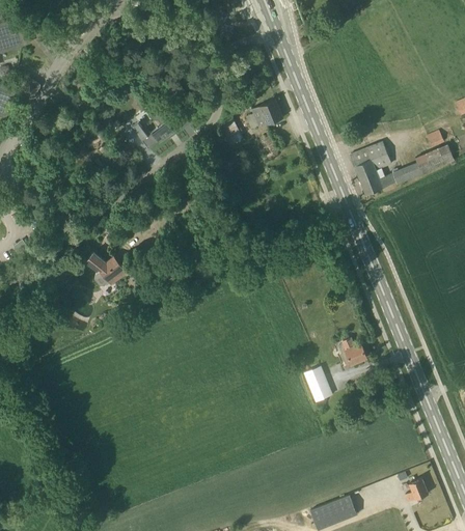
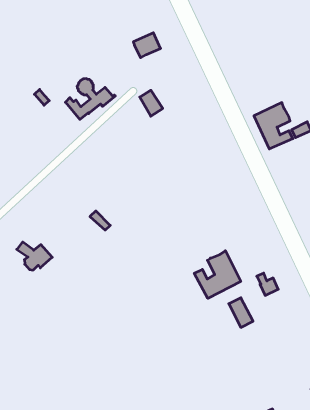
building: [250,100,281,128] -> [133,33,161,58]
building: [84,253,125,286] -> [17,242,52,270]
building: none -> [194,251,241,298]

